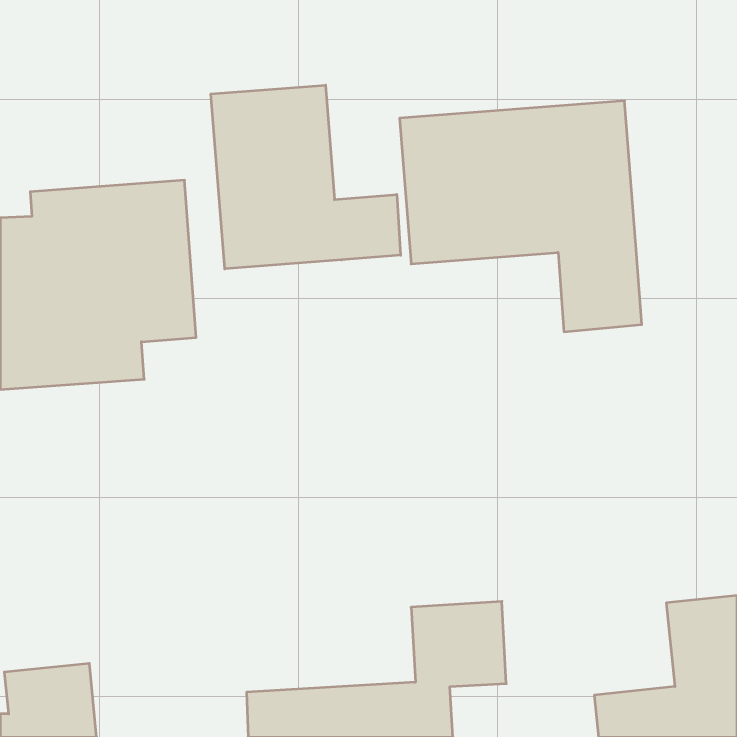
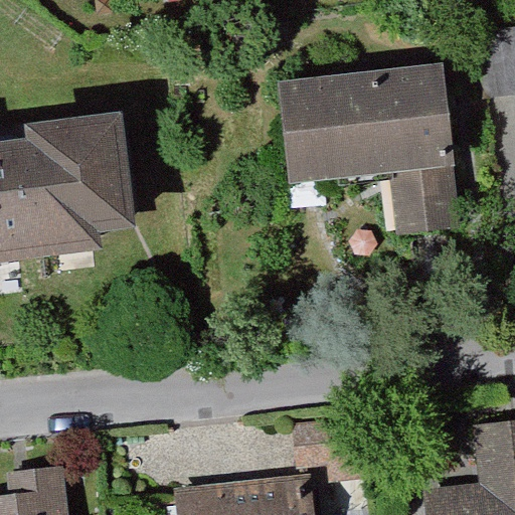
building: [211,85,401,269] -> none

